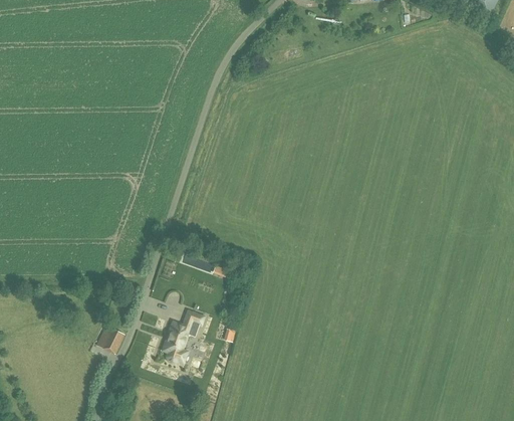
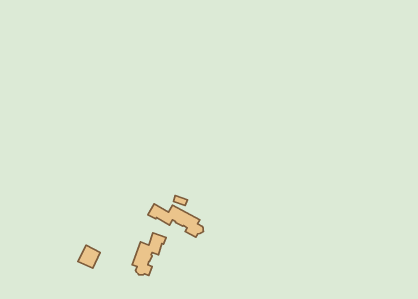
building: none -> [148,204,203,237]

